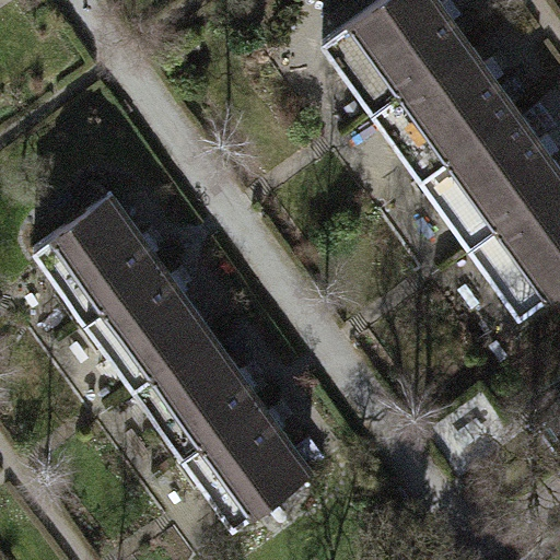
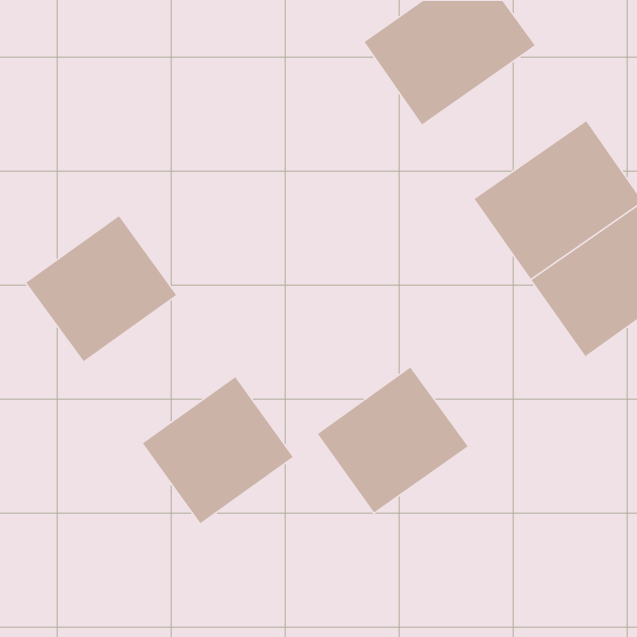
building: [373,48,515,180] -> none
building: [81,264,212,392] -> none
building: [182,404,313,530] -> [317,367,469,513]

